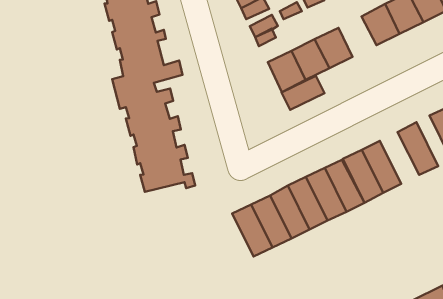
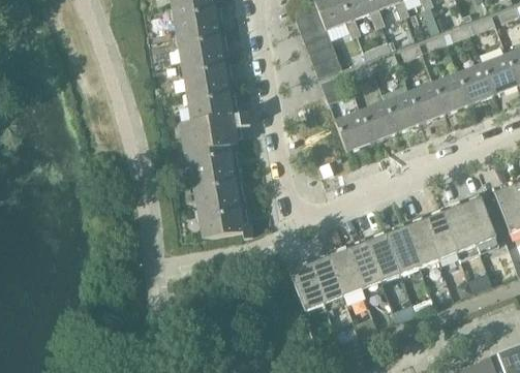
building: none -> [409,83,446,122]
building: [281,76,325,110] -> none
building: none -> [440,200,477,252]

